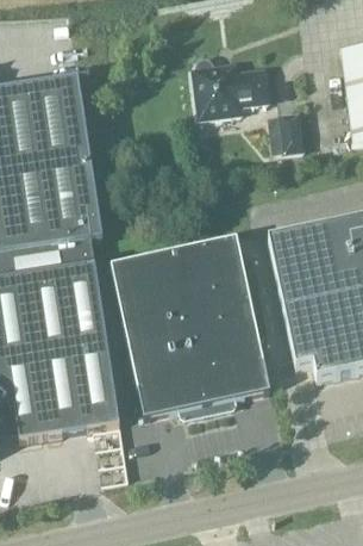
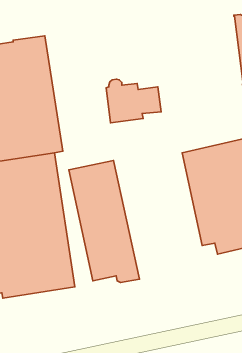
building: [192,54,268,114] -> [106,79,161,123]
building: [277,110,302,149] -> none
building: [173,234,269,411] -> none

